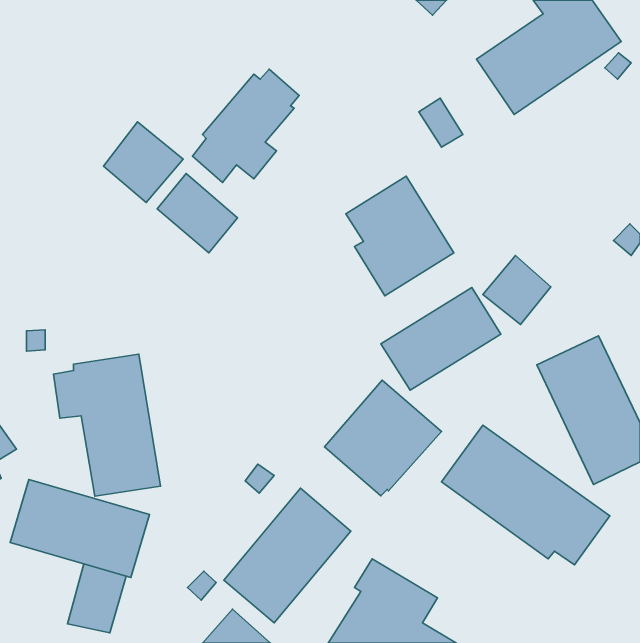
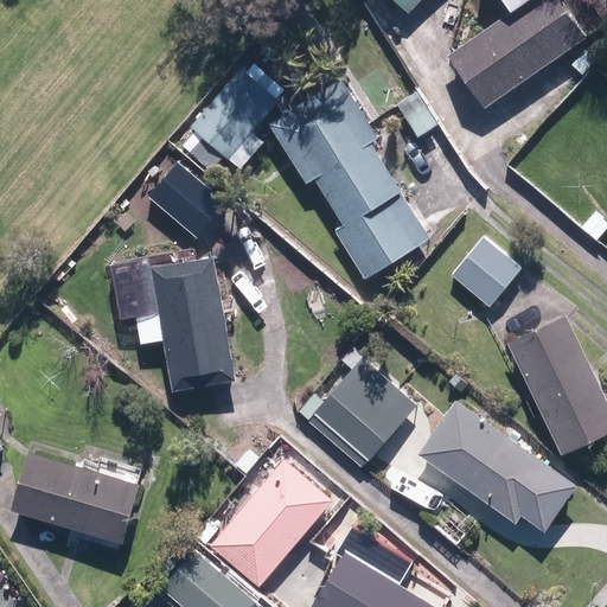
building: none -> [269,79,383,202]
building: [104,122,183,202] -> none
building: [381,288,501,390] -> none
building: [53,354,160,496] -> [133,258,234,392]
building: [67,564,126,633] -> none

